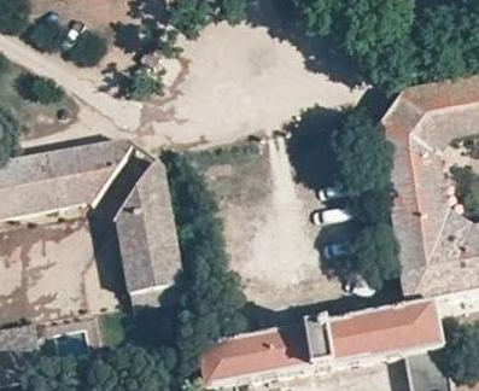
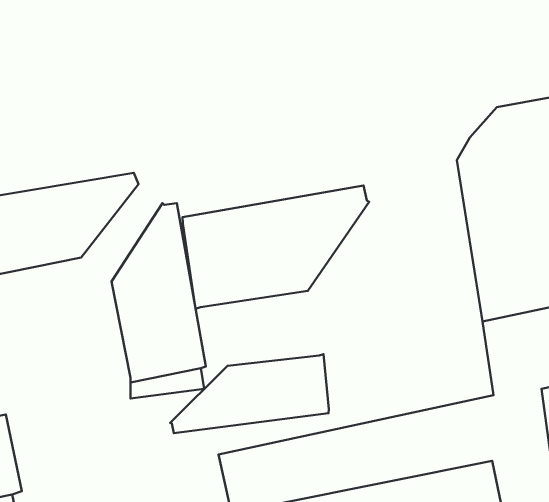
building: none -> [182,185,369,309]
building: none -> [170,354,329,433]

